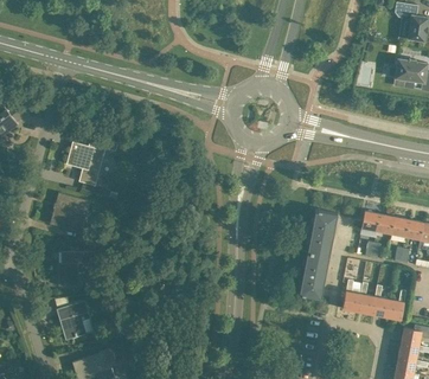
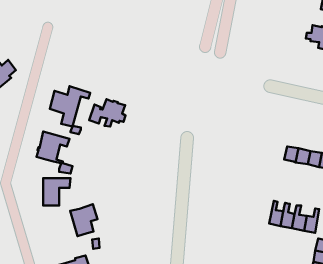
building: none -> [89,99,125,127]
building: [299,208,337,297] -> none
building: [56,300,90,340] -> [70,204,97,236]

